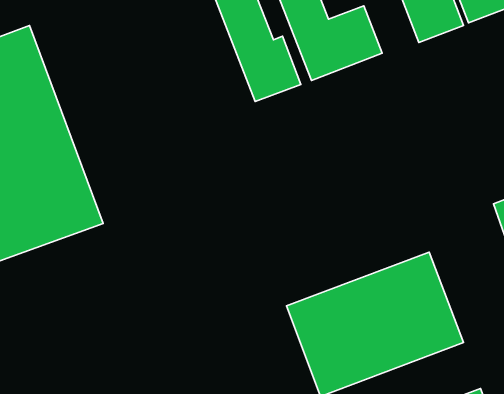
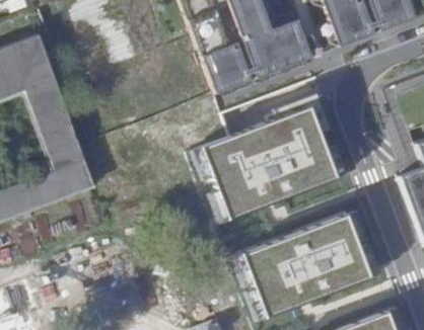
building: none -> [203,103,340,215]

